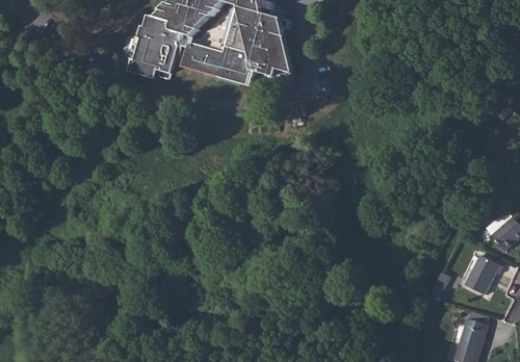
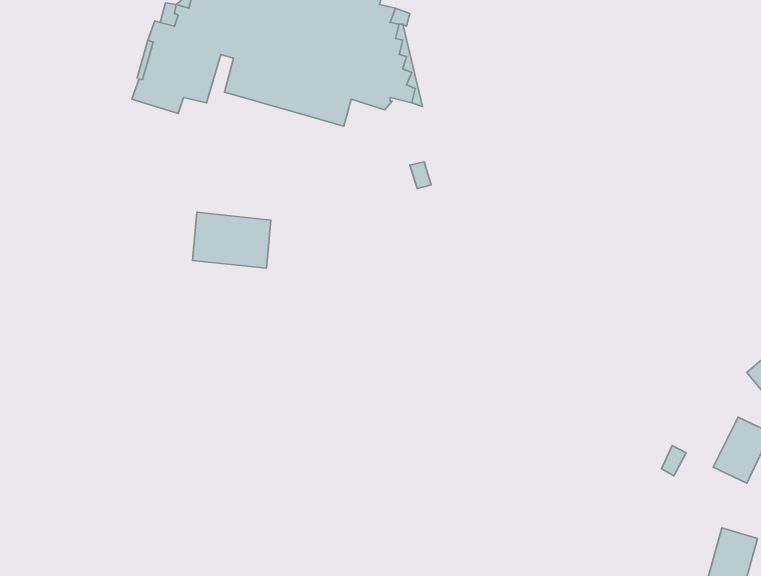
building: none -> [192,212,271,268]

